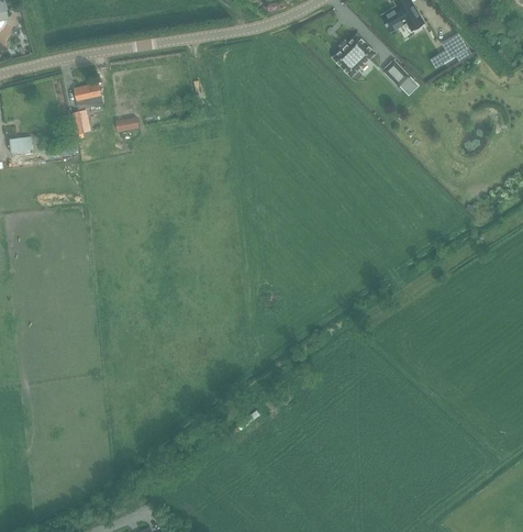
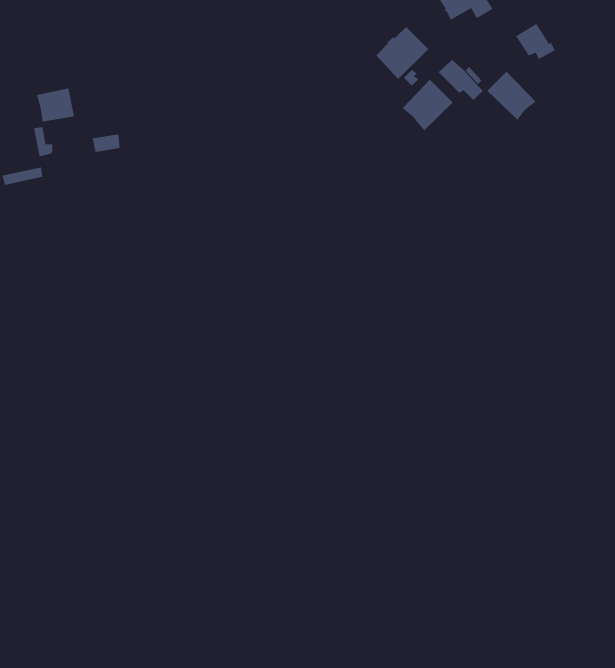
building: none -> [487,71,536,120]
building: none -> [402,79,453,131]

